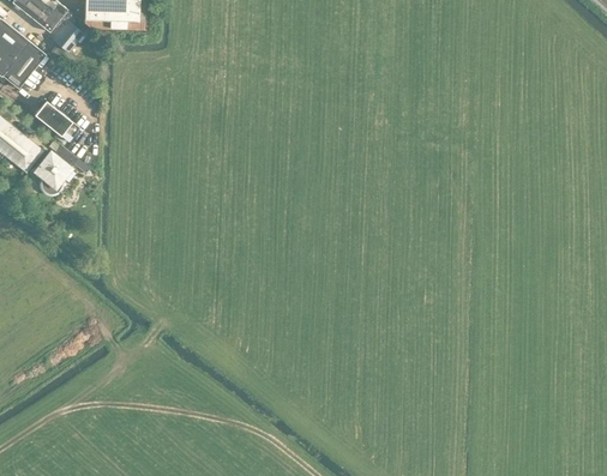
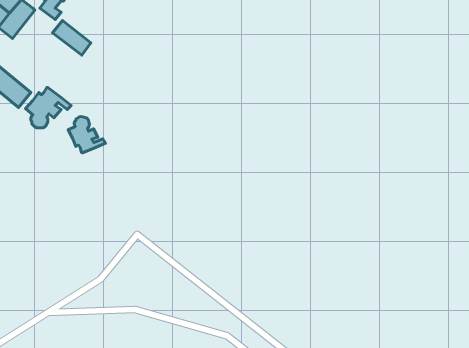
building: [32,100,78,140] -> [52,21,91,55]
building: none -> [68,117,105,153]

